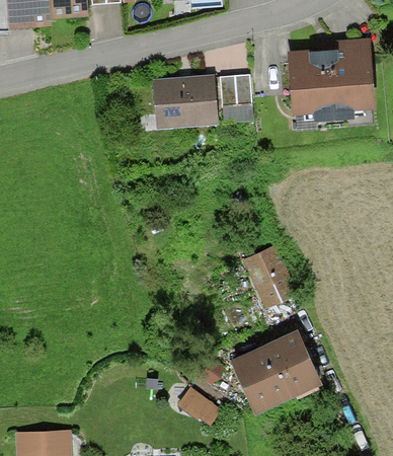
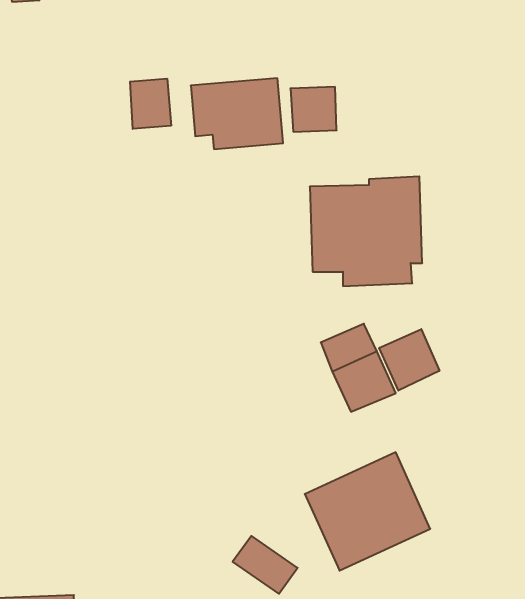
building: [289,40,368,117] -> [310,176,422,286]
building: none -> [130,79,171,129]
building: none -> [379,329,439,391]

